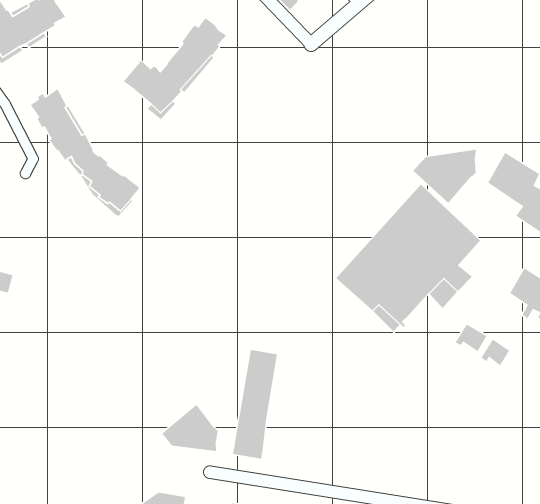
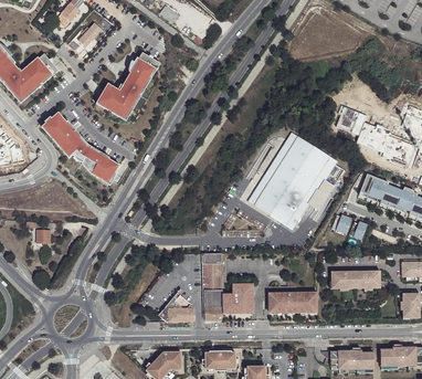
building: [413,149,477,204] -> none
building: none -> [222,285,253,314]
building: none -> [330,270,380,286]
building: none -> [268,293,318,313]

